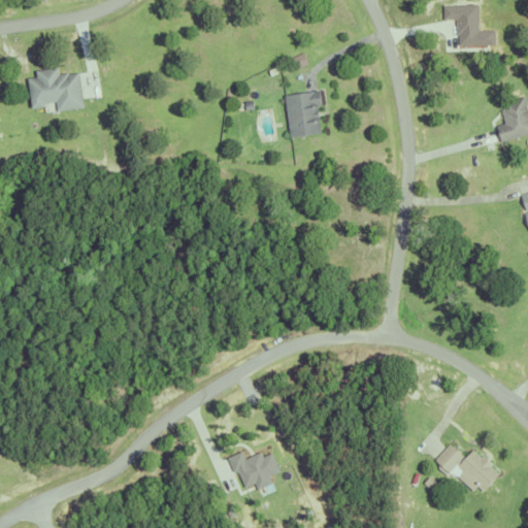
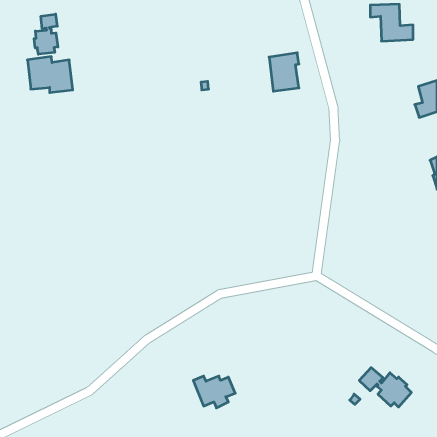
building: none -> [34,14,58,54]
building: [283,90,319,136] -> [269,53,299,91]

